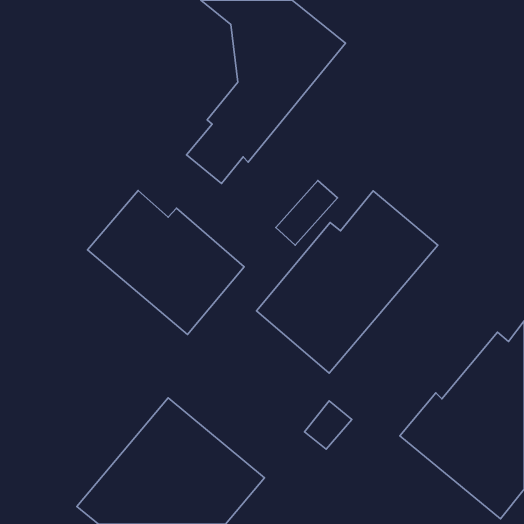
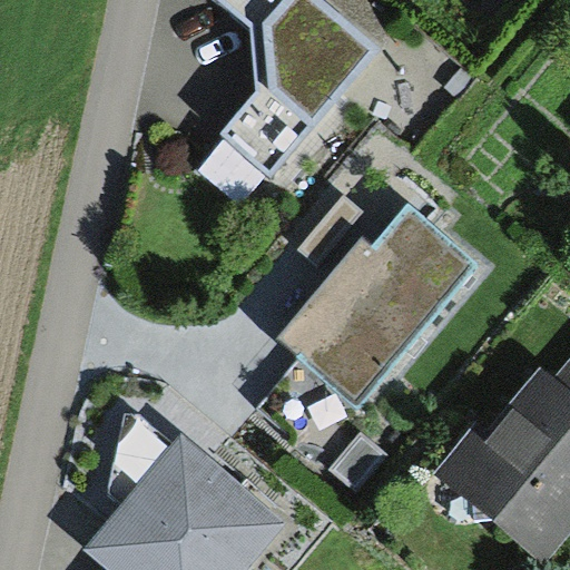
building: [87,191,244,335] -> none

